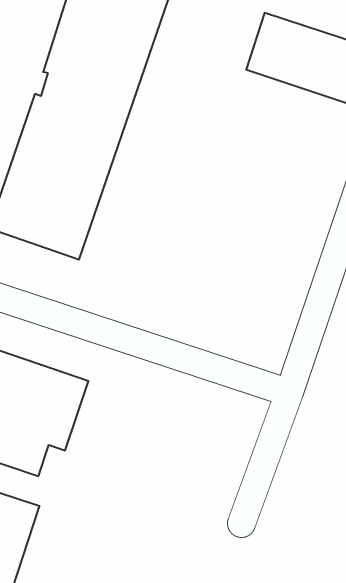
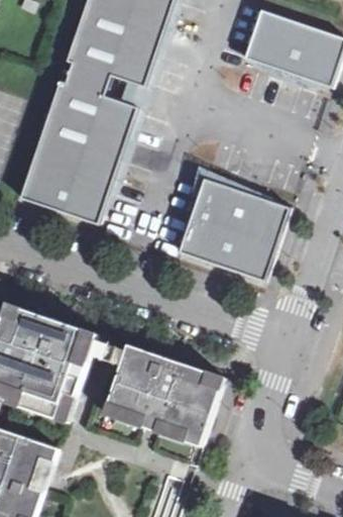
building: none -> [175,180,287,283]
building: none -> [107,340,229,447]

